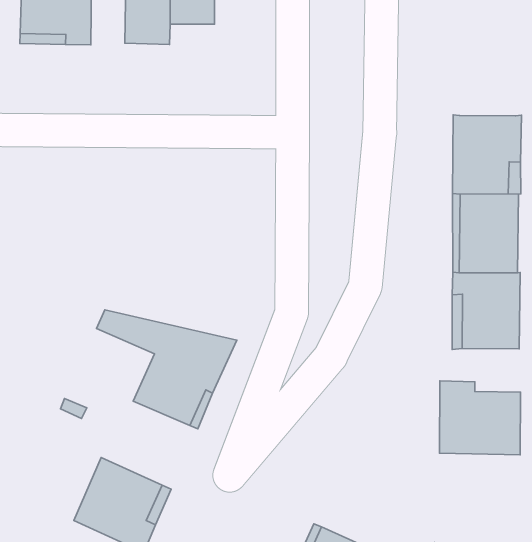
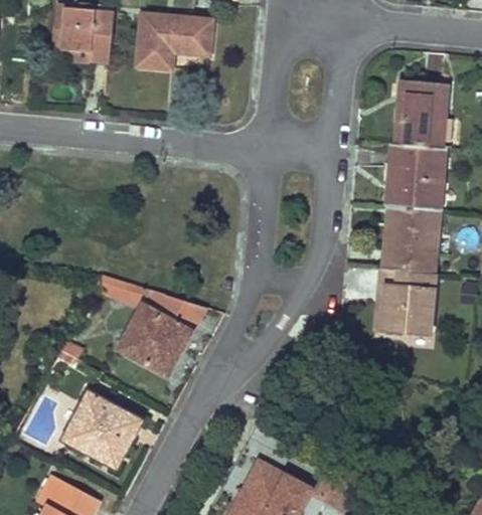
building: none -> [397,82,448,149]
building: [439,381,521,455] -> none

